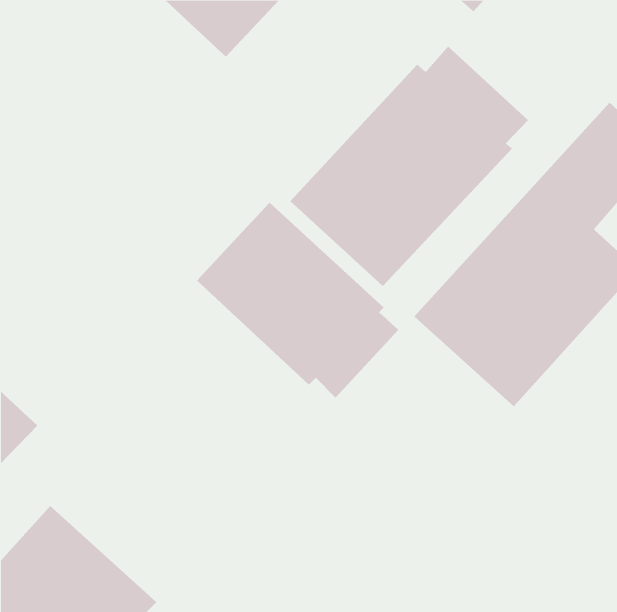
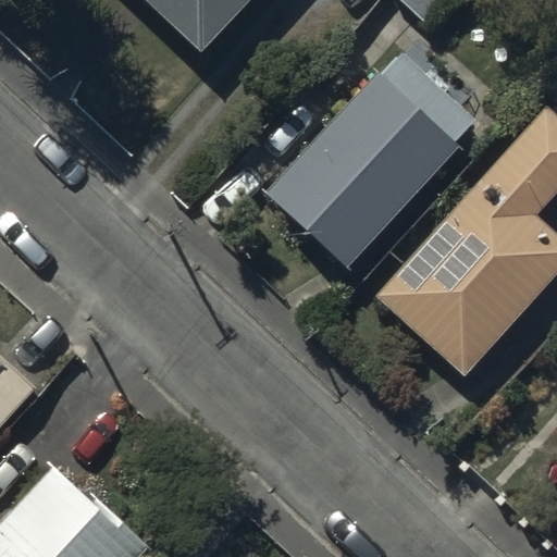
building: [196,202,399,398] -> none

